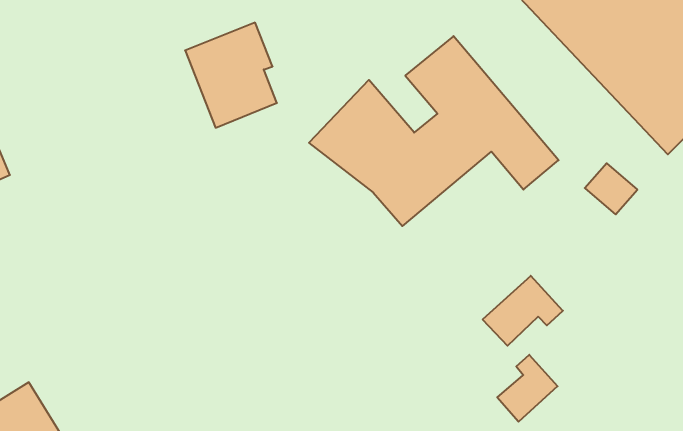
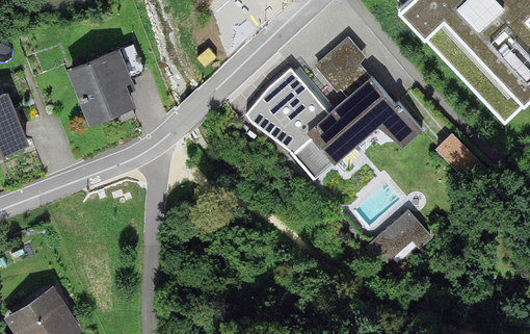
building: [185,23,277,128] -> [72,49,137,124]
building: [497,355,558,422] -> none

